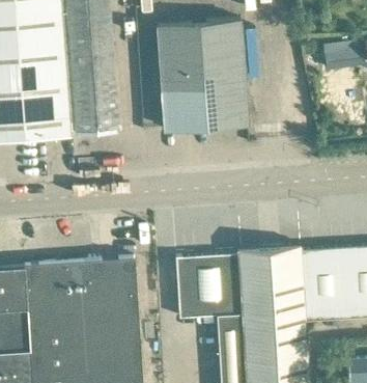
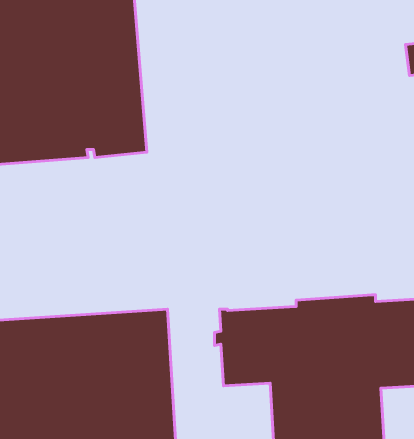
building: [157,21,248,130] -> none

